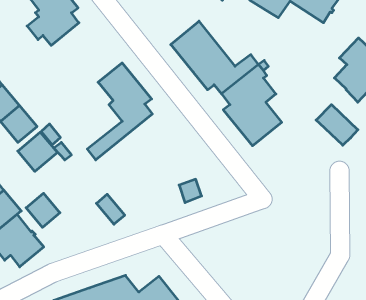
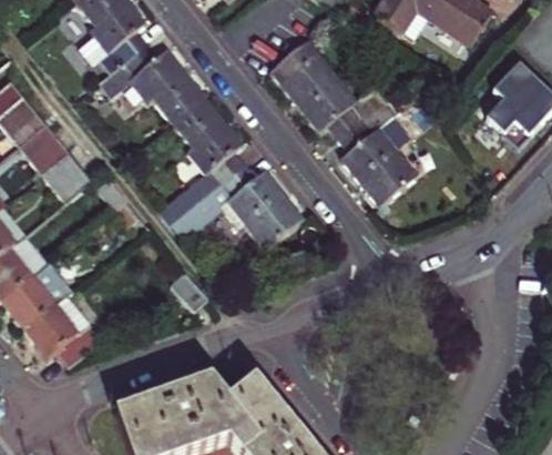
building: none -> [98,42,204,121]
building: [316,105,358,145] -> none
building: none -> [170,163,303,249]
building: [18,132,57,171] -> none
building: [26,193,60,227] -> none

